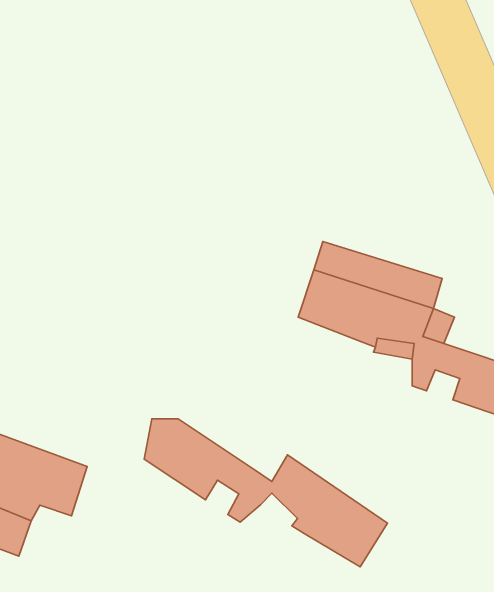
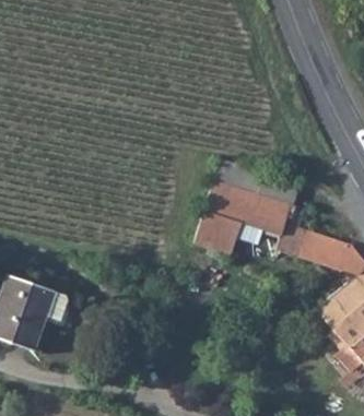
building: none -> [196,207,245,254]
building: [144,419,388,567] -> none

